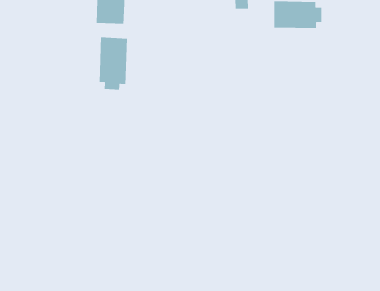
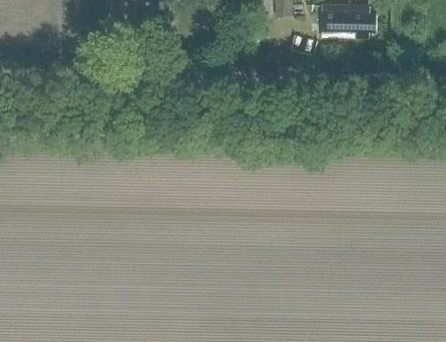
building: [99,37,128,90] -> none

